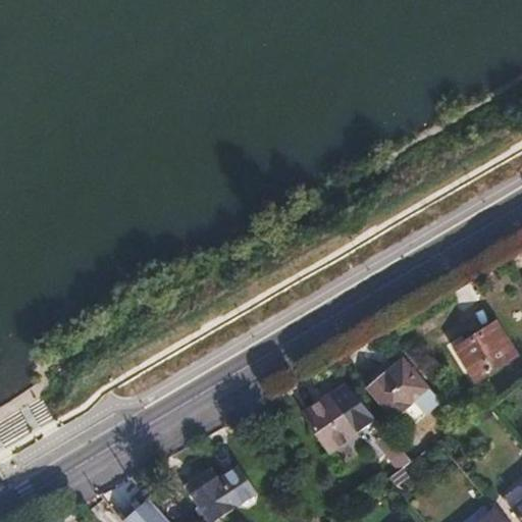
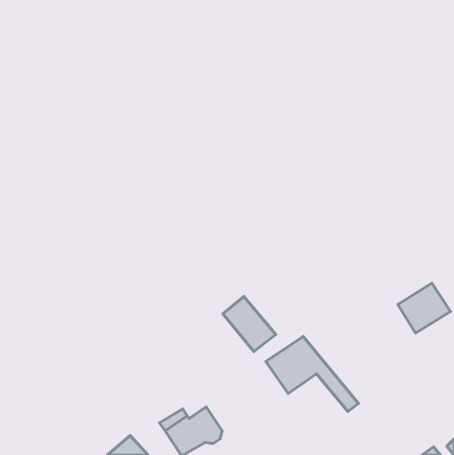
building: none -> [223,297,276,352]
building: [367,360,437,419] -> none

